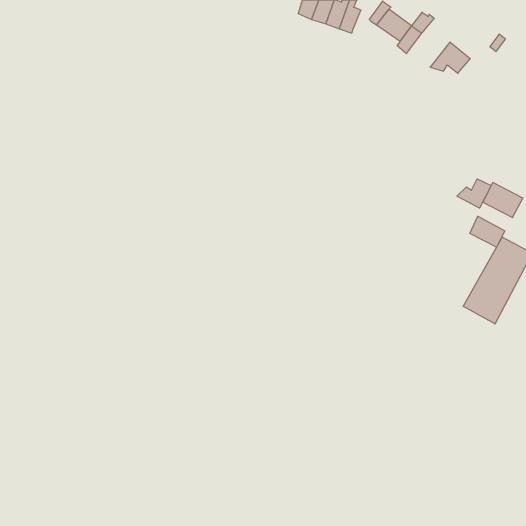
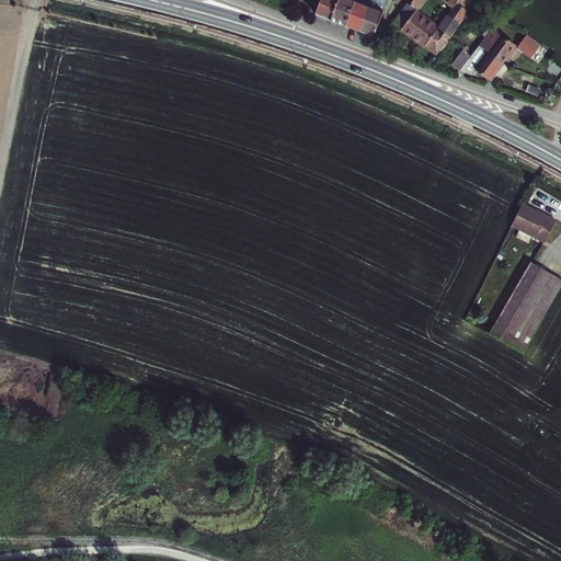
building: none -> [479,37,515,64]
building: [457,179,491,208] -> none
building: [470,216,505,247] -> none

